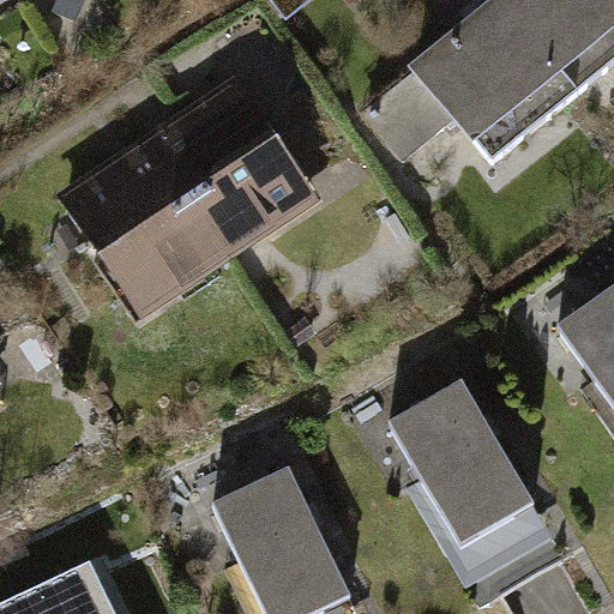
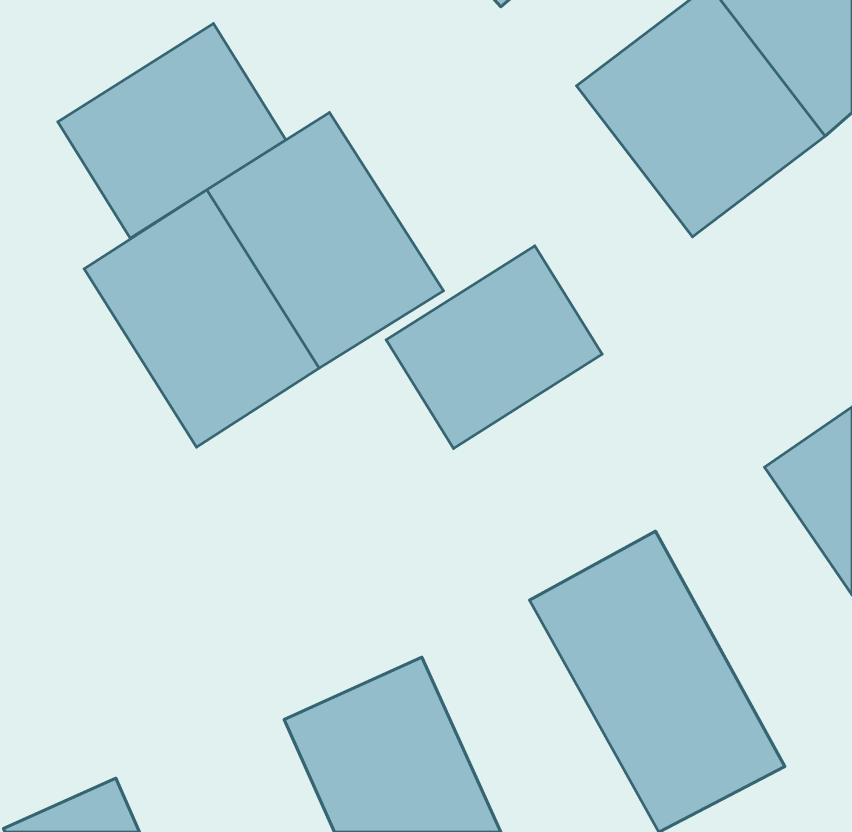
building: none -> [58,23,286,238]
building: none -> [386,246,602,448]

